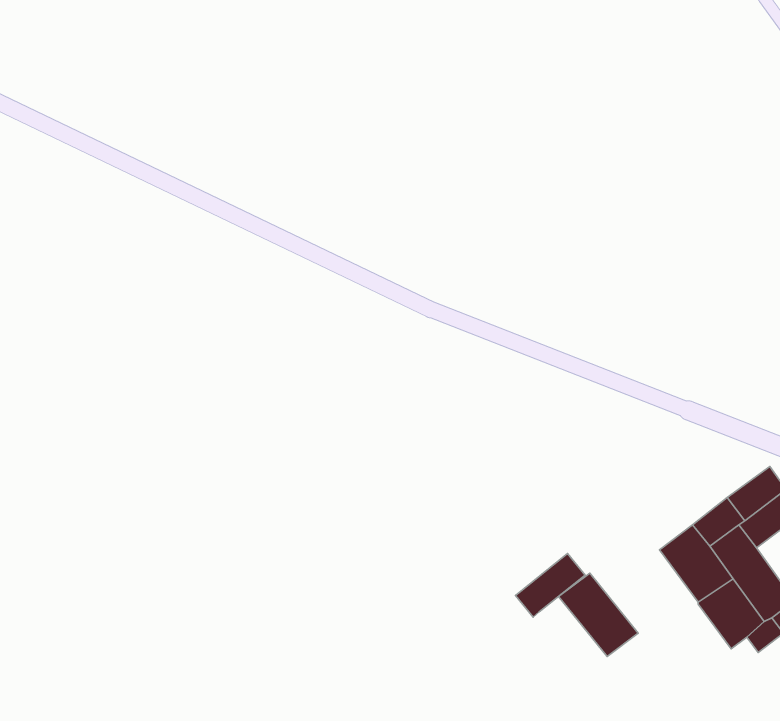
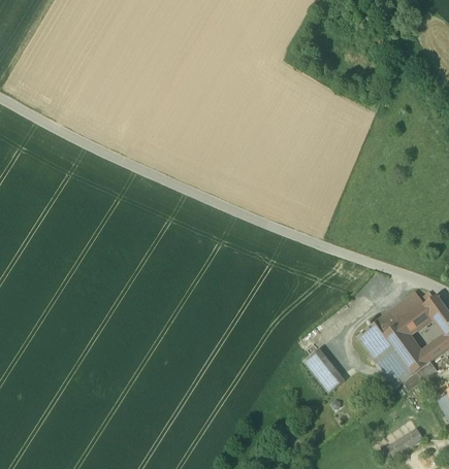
building: [516,553,585,617] -> none

